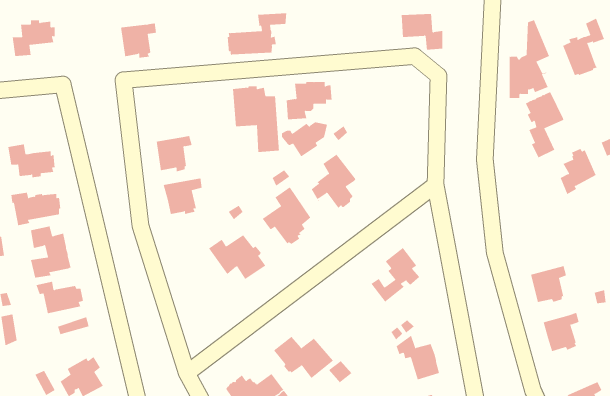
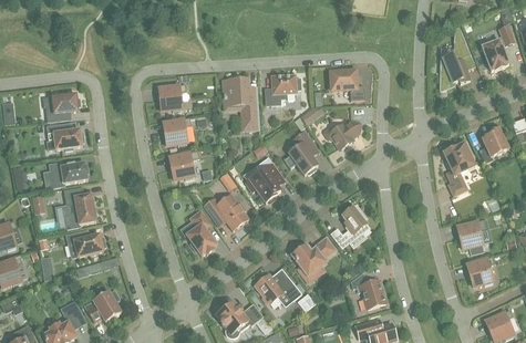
building: [227,13,287,56] -> none
building: [401,13,443,50] -> [331,71,364,100]
building: [12,20,56,57] -> [45,92,80,121]
building: [120,23,157,58] -> [158,83,187,111]
building: [524,90,565,158] -> [443,142,475,195]
building: [281,122,328,157] -> [324,121,361,148]
building: none -> [187,209,216,254]
building: none -> [292,237,336,281]

